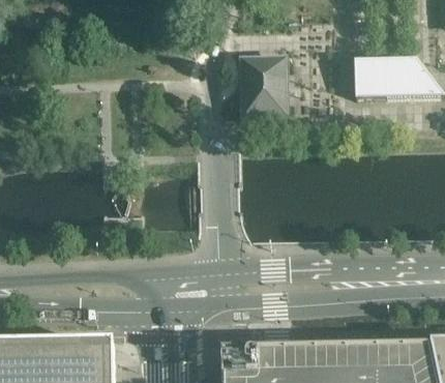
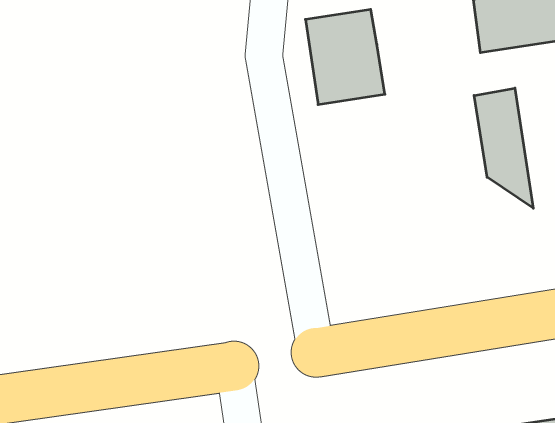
building: none -> [474,88,533,208]

